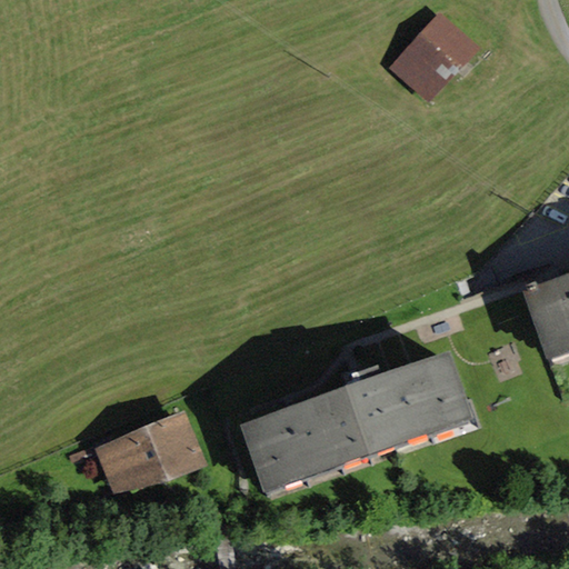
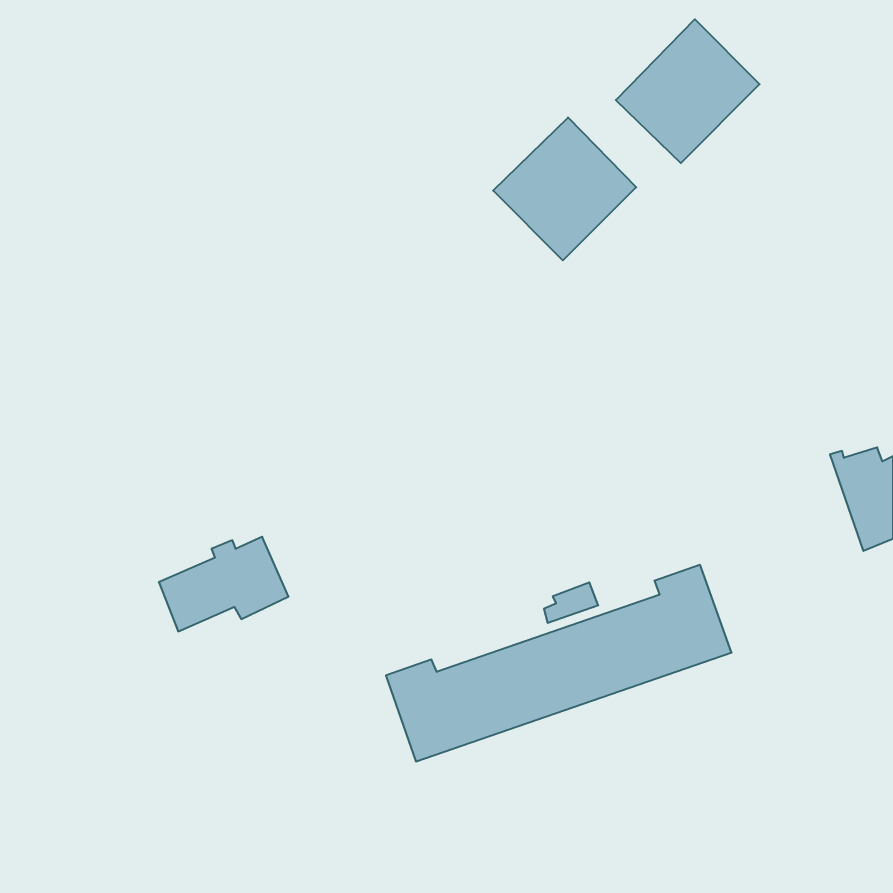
building: none -> [493,117,636,260]
building: [111,421,193,481] -> [159,537,289,631]

